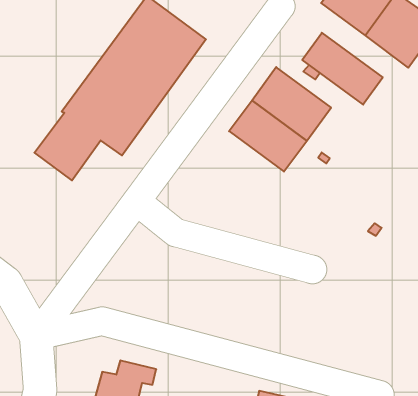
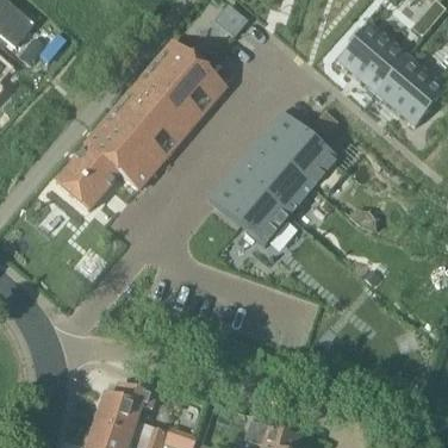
building: [302,33,383,105] -> none
building: none -> [216,173,290,244]

